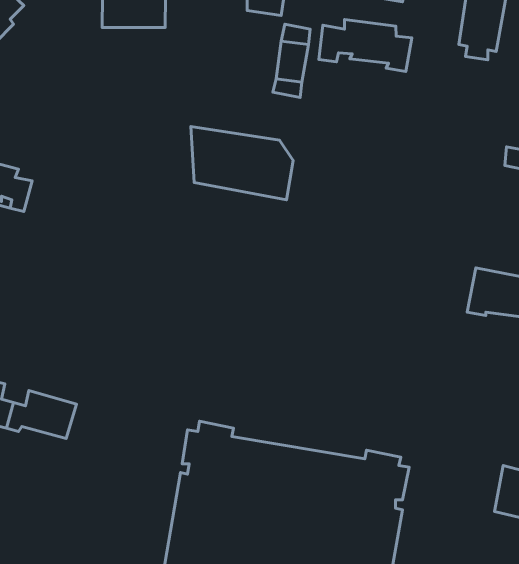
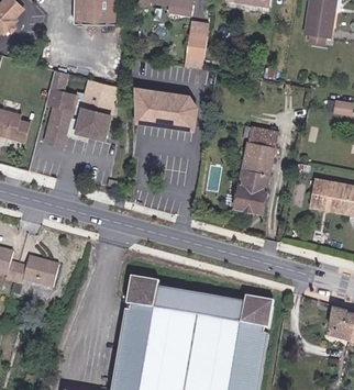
building: [319,19,412,71] -> none
building: none -> [44,79,120,147]
building: none -> [234,126,278,212]

